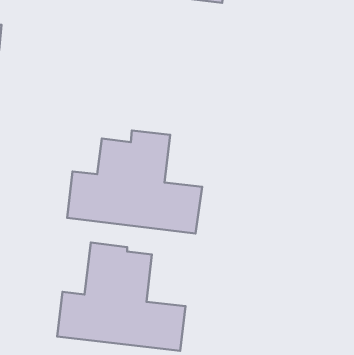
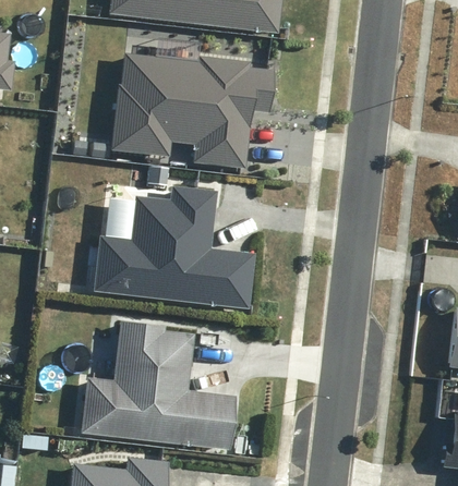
building: none -> [109,52,273,168]

